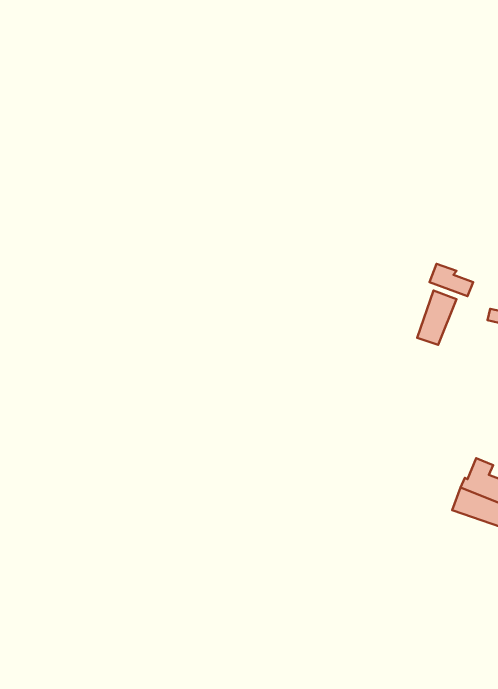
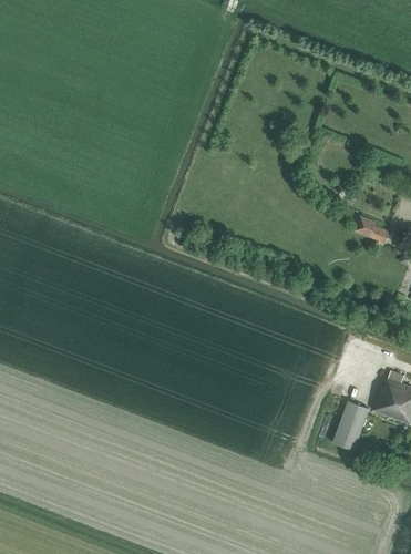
building: [417,290,457,345] -> none
building: none -> [331,400,368,450]

